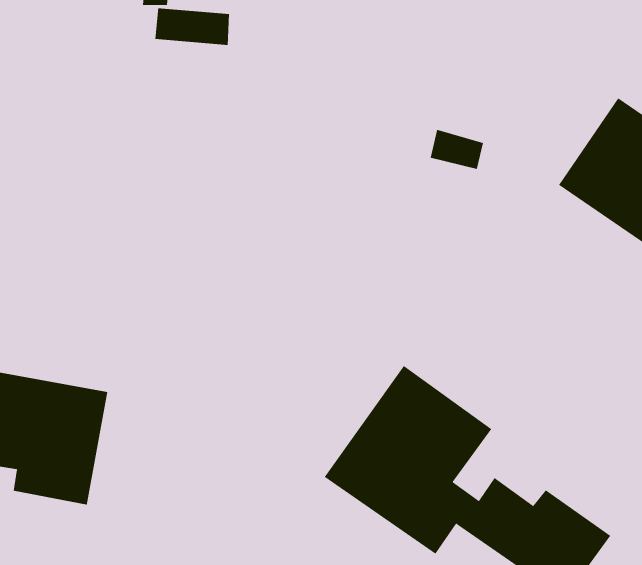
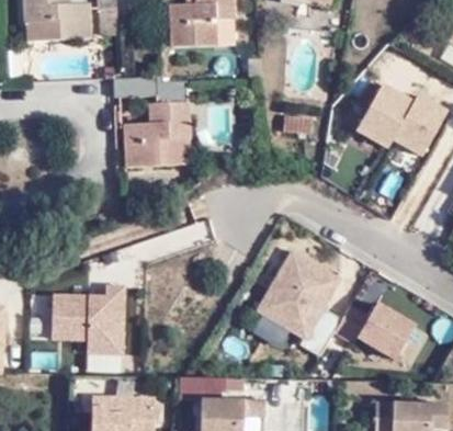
building: none -> [127,94,194,159]

